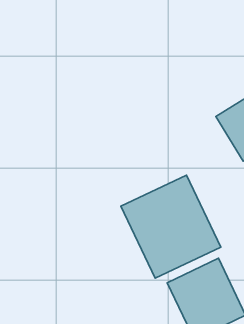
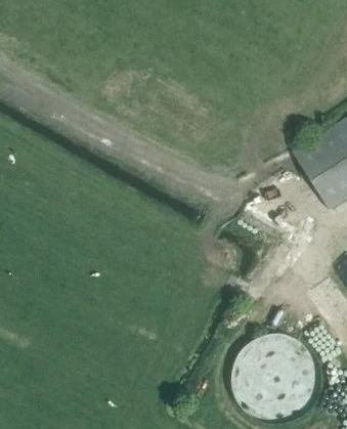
building: [121,175,221,278] -> none

